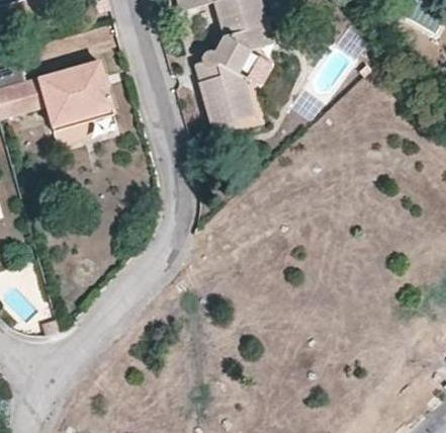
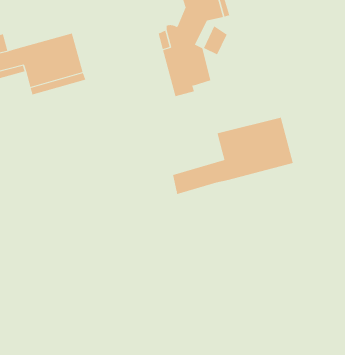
building: none -> [172,117,294,195]

